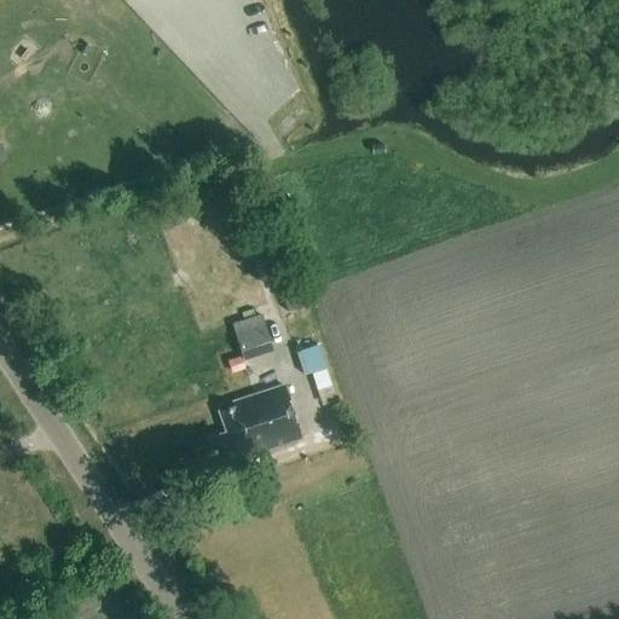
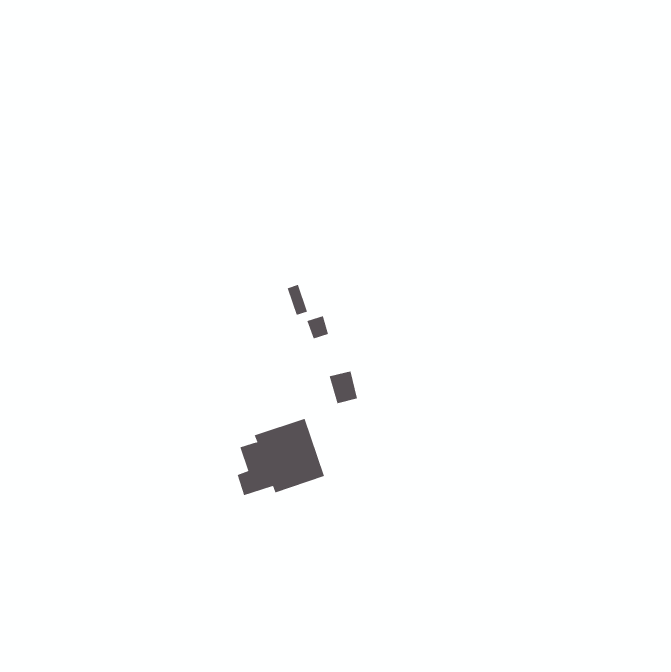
building: [233,314,274,359] -> none

